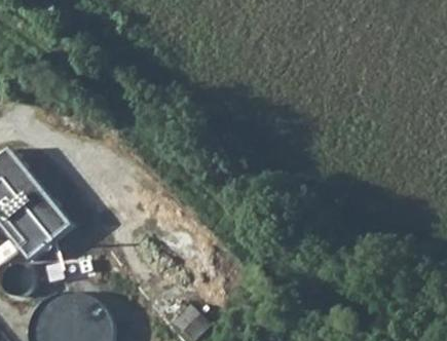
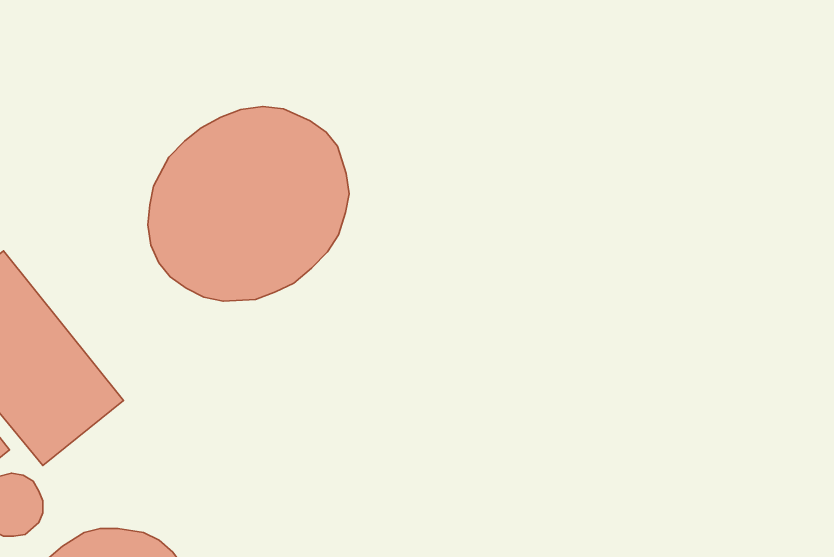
building: none -> [148,107,349,301]

